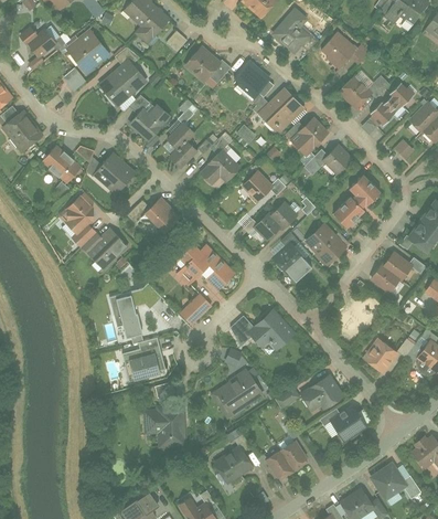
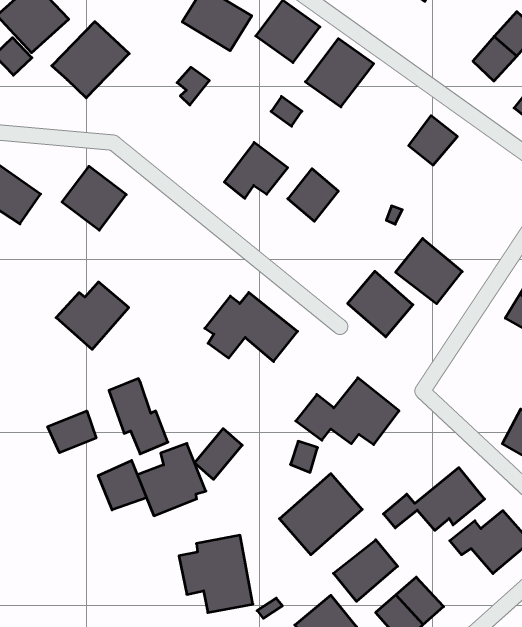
building: [338,76,373,110] -> none
building: [129,103,173,142] -> none
building: [290,117,328,155] -> none
building: [163,121,197,169] -> none
building: [332,174,384,231] -> none
building: [58,189,106,246] -> none
building: [145,197,180,232] -> none
building: [253,201,299,240] -> none
building: [180,293,212,325] -> [195,429,242,479]
building: none -> [48,411,96,453]
building: none -> [98,460,146,510]
building: none -> [333,540,398,601]

